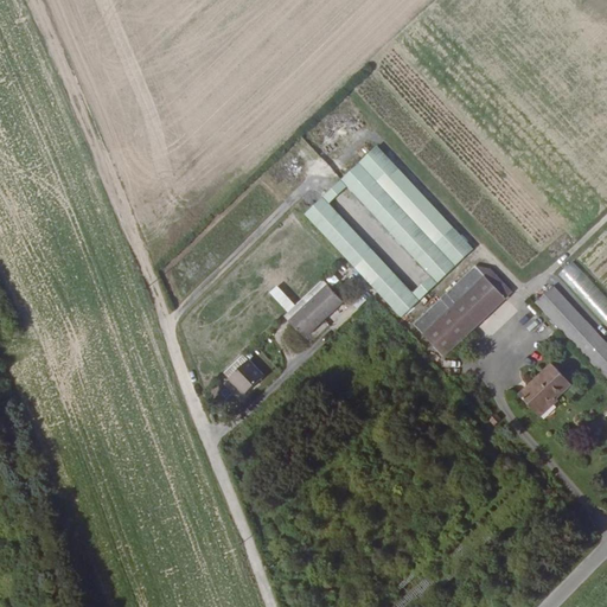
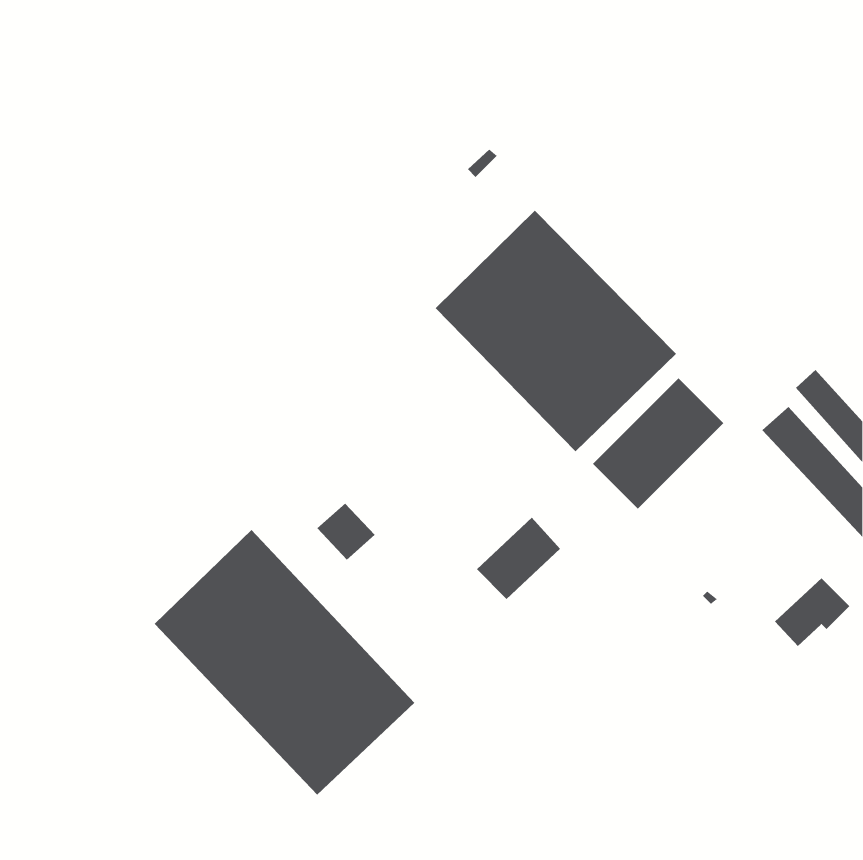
building: [282,277,341,336] -> [476,517,561,600]
building: [520,363,574,411] -> [774,577,850,647]
building: none -> [154,529,415,796]

